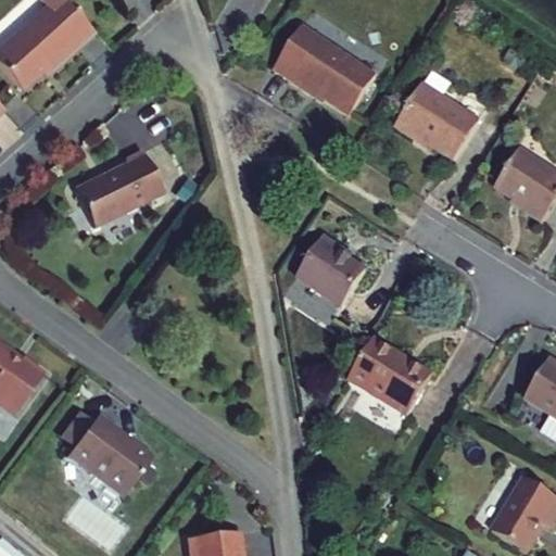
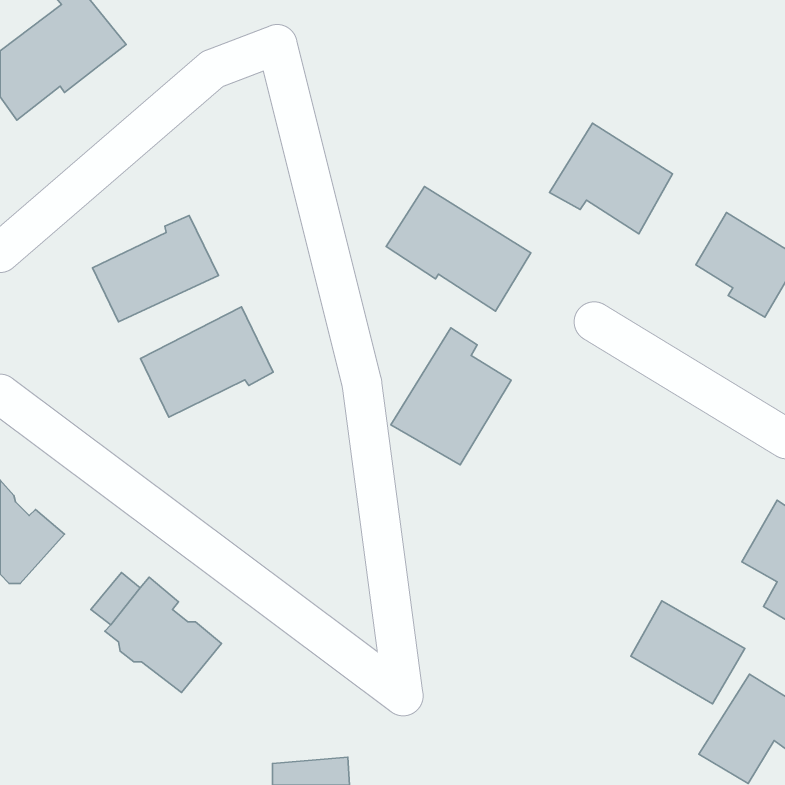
building: [271,26,374,114] -> [386,187,531,311]
building: none -> [140,307,273,417]
building: [353,333,433,406] -> [631,601,745,704]

